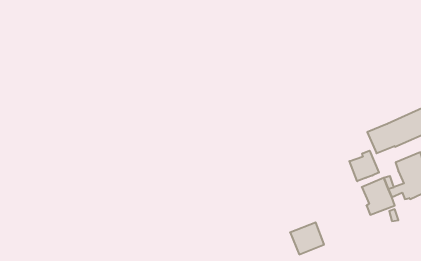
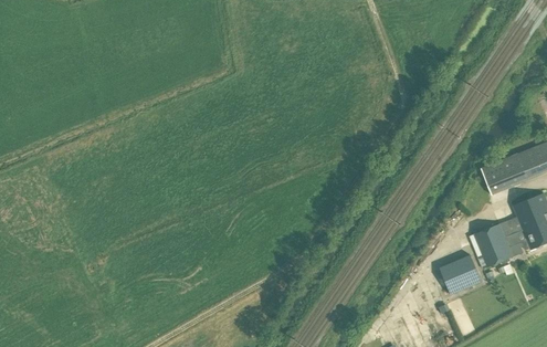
building: [349,151,379,181] -> none
building: [290,222,324,254] -> [440,255,481,294]

